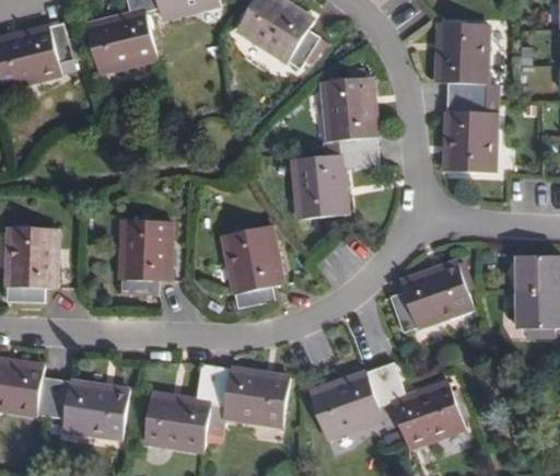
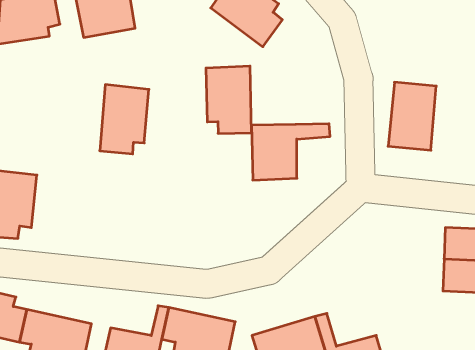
building: [438,22,495,100] -> none
building: [323,76,378,153] -> [206,66,251,133]
building: [119,220,170,295] -> [100,85,149,154]
building: [221,225,282,309] -> none
building: [389,264,474,334] -> none

